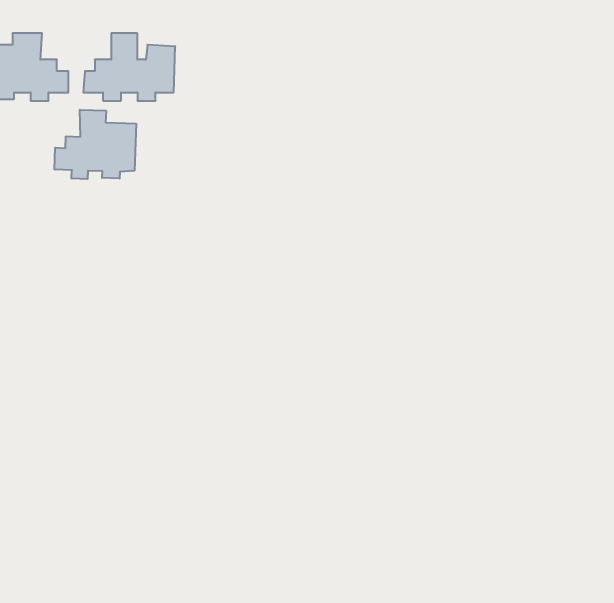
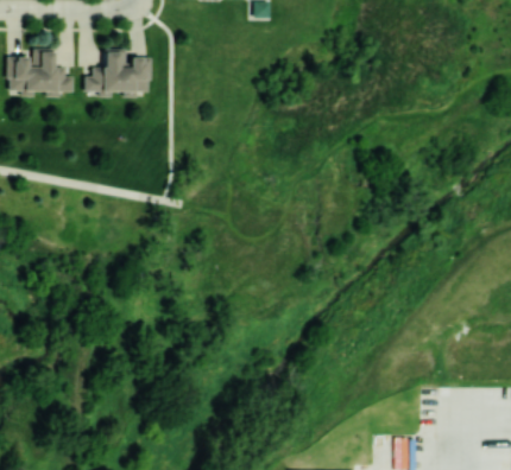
building: [55,110,136,179] -> none

